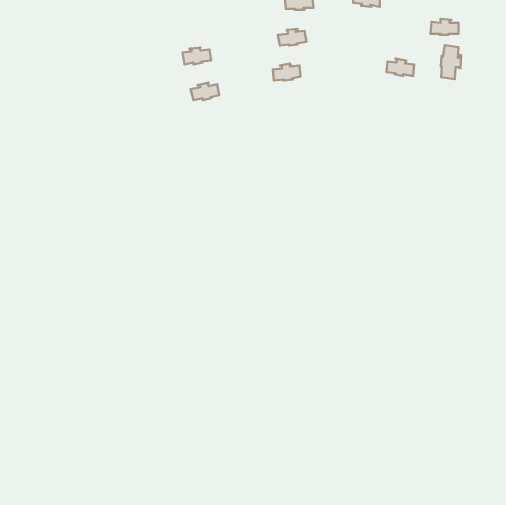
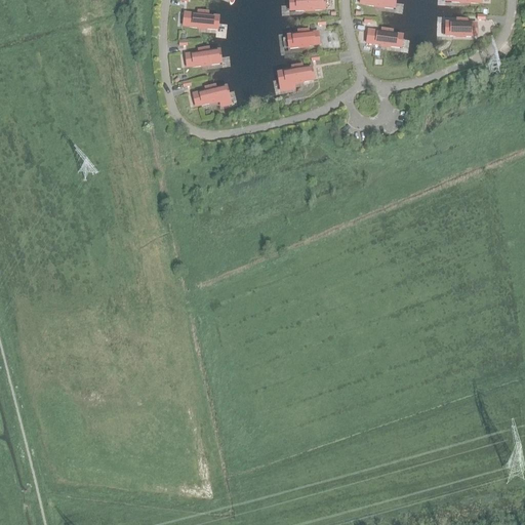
building: none -> [188,11,216,29]
building: [441,45,461,79] -> none
building: [386,58,414,76] -> [371,29,400,47]

